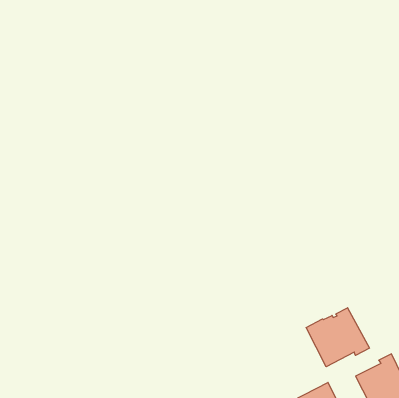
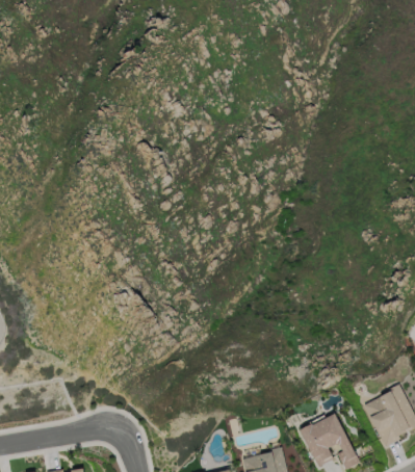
building: [306,308,369,367] -> none

